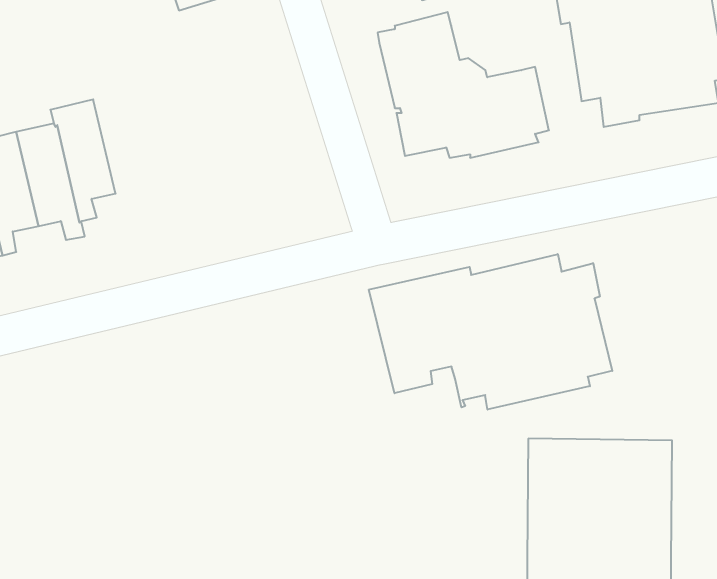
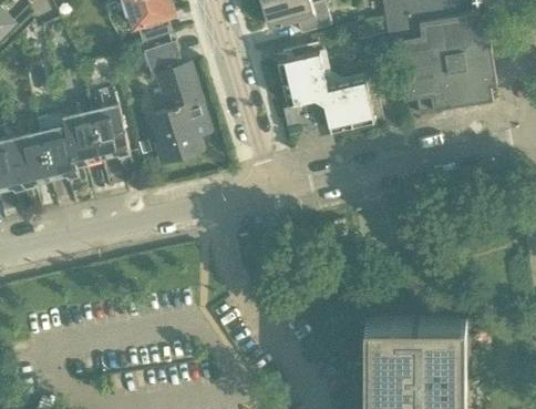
building: none -> [145,41,212,161]
building: none -> [87,91,133,167]
building: [369,254,612,410] -> none

